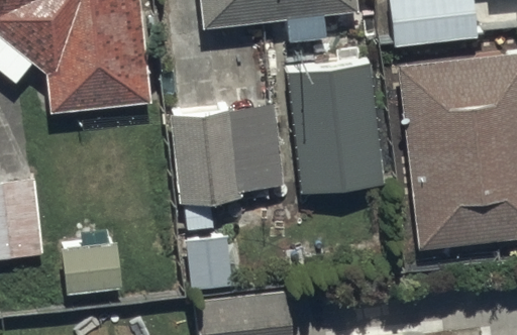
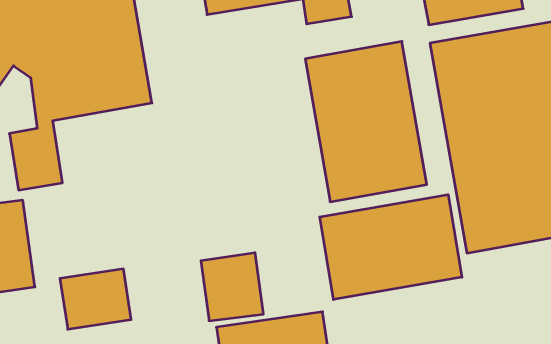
building: [171,108,284,231] -> none
building: none -> [320,195,462,300]

